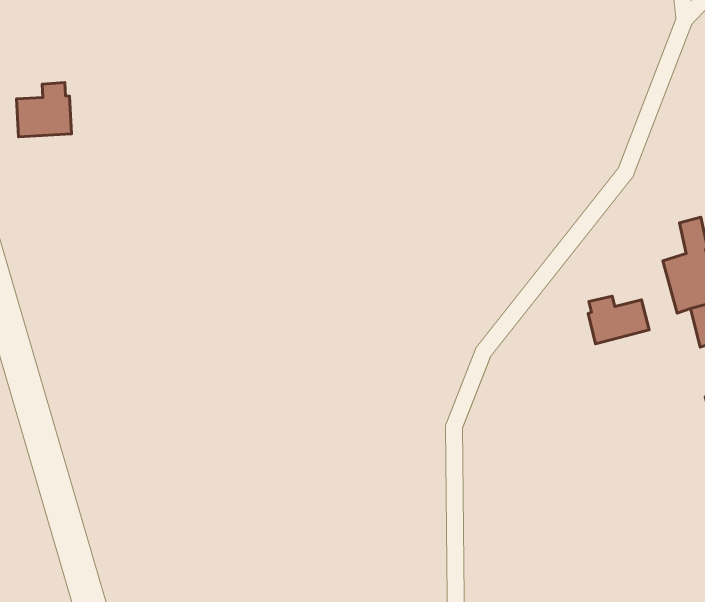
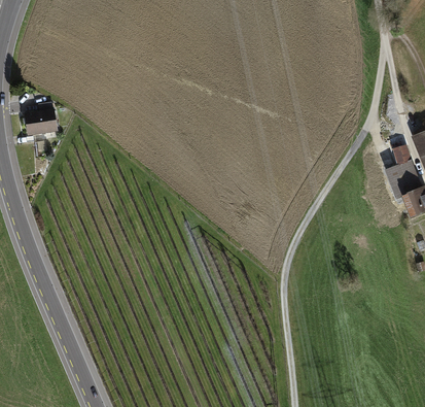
building: [588,296,649,344] -> none

